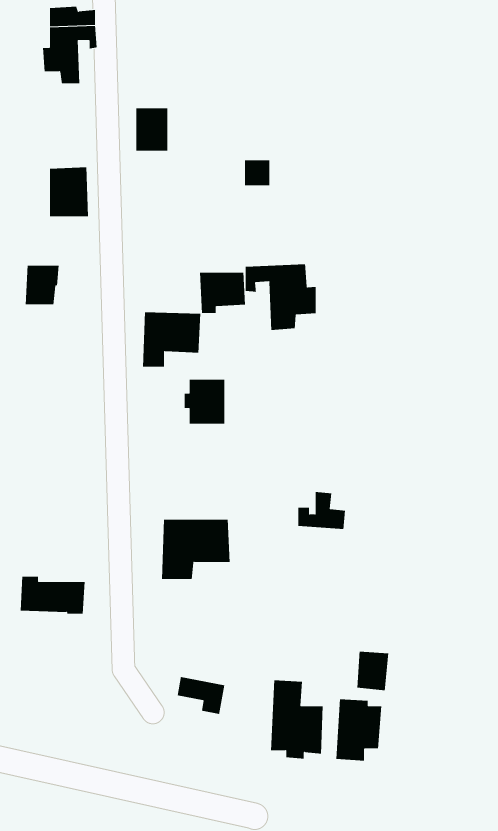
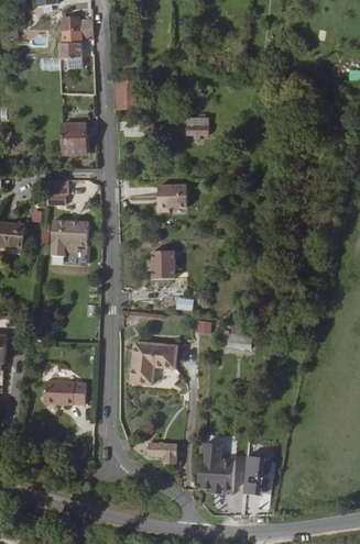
building: [245,264,316,331] -> none
building: [142,312,201,367] -> [54,222,91,257]
building: [357,651,389,691] -> none

